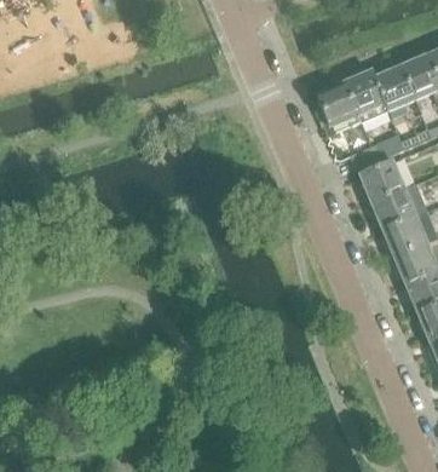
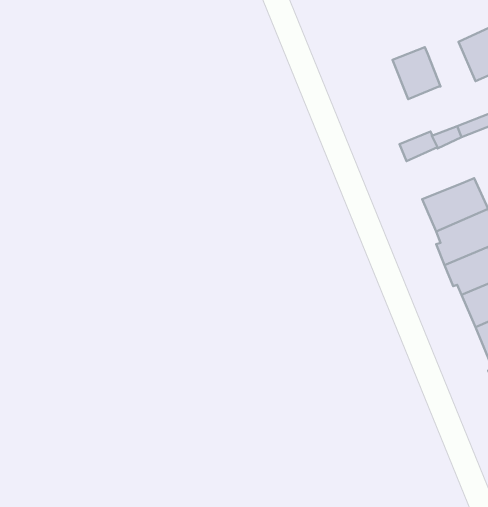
building: [374,65,415,111] -> none
building: [312,81,361,136] -> none
building: [358,160,403,201] -> none

